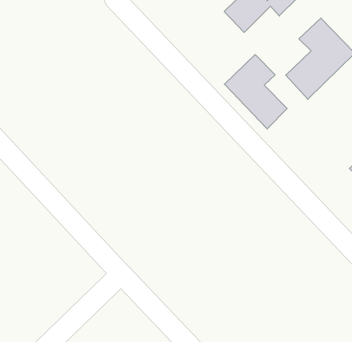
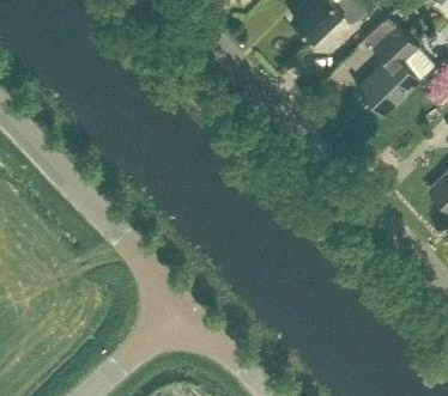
building: [224,55,287,129] -> none

